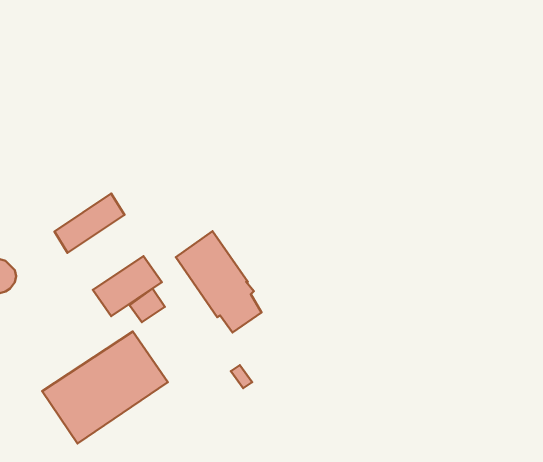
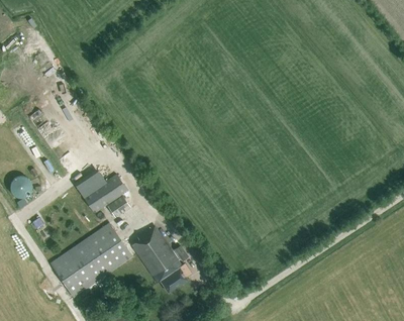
building: [54,193,124,253] -> none
building: [176,231,262,332] -> [129,225,186,292]

